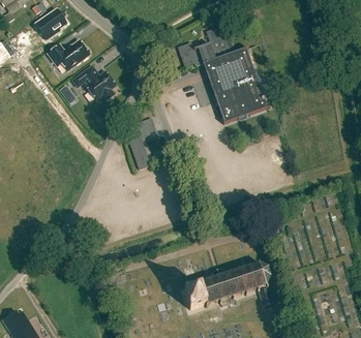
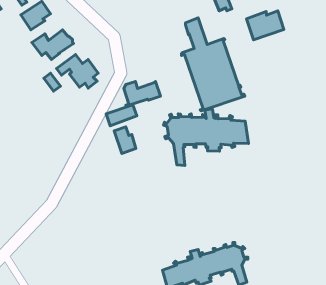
building: none -> [246,11,284,40]
building: [178,43,216,69] -> [124,81,160,106]
building: none -> [164,109,249,165]

